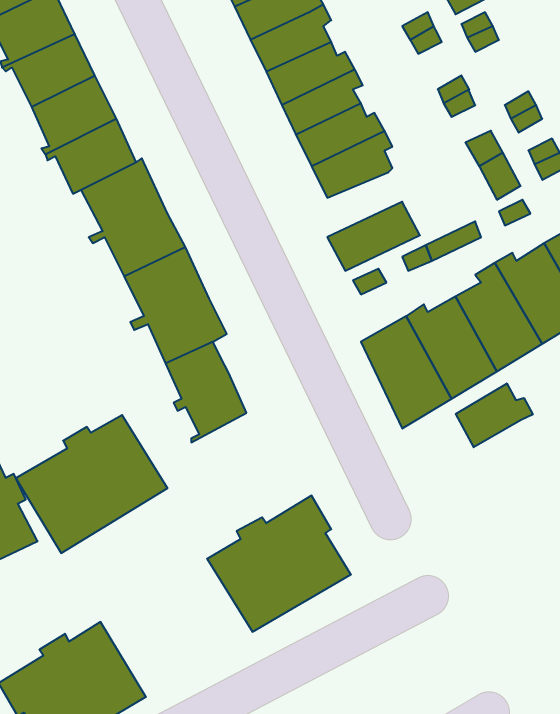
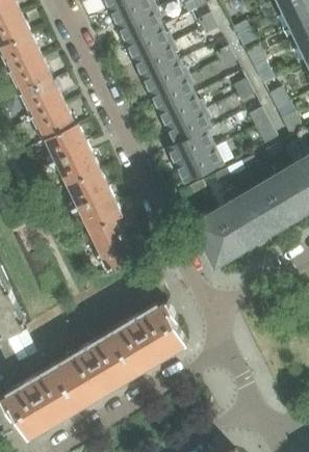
building: none -> [168,131,214,165]
building: [456,383,533,447] -> none
building: [16,415,168,553] -> [55,335,135,407]

